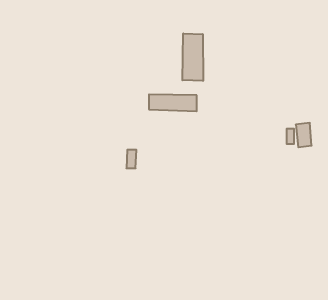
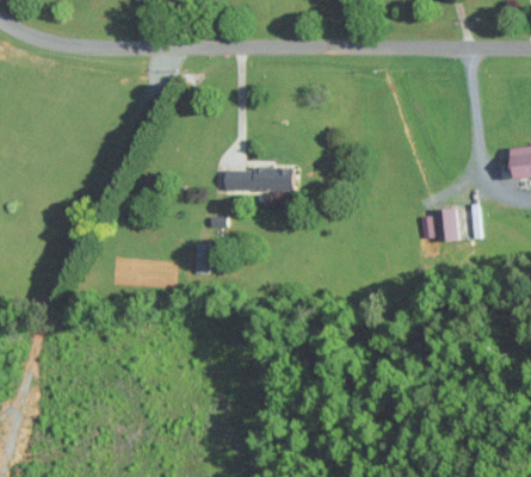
building: [182,33,203,81] -> none

